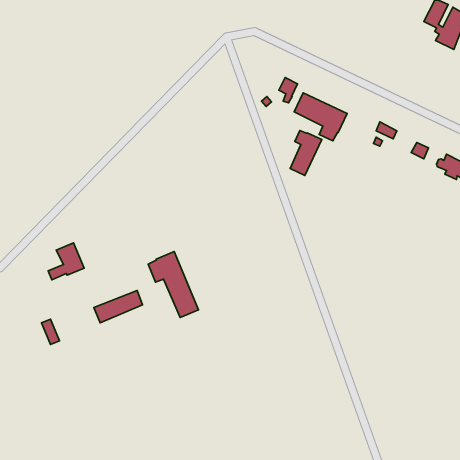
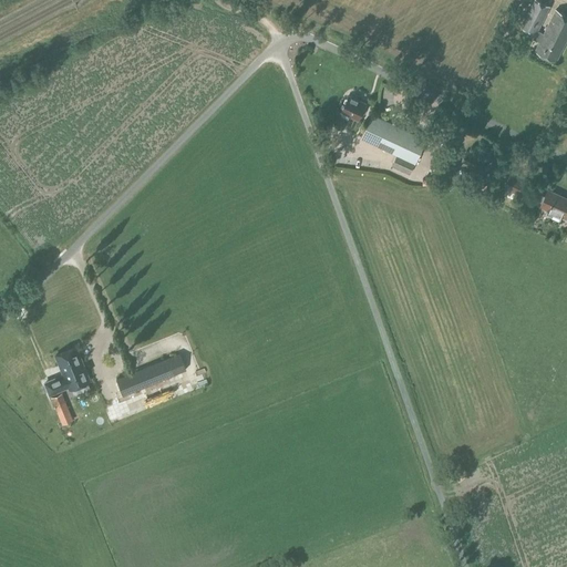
building: [290,131,322,175] -> none
building: [48,243,84,280] -> [47,349,91,394]
building: [148,251,198,318] -> none

